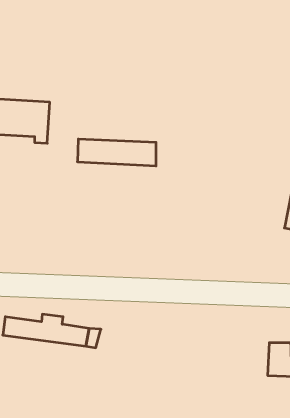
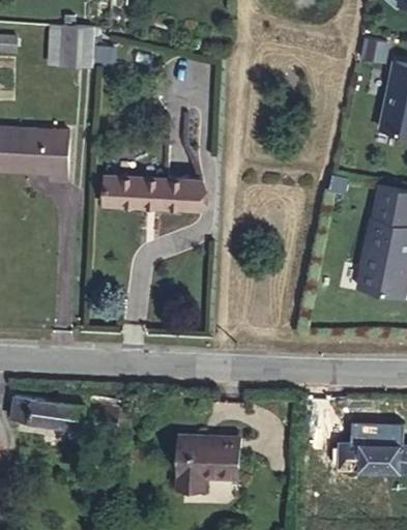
building: none -> [58,26,93,65]
building: none -> [176,435,238,489]

